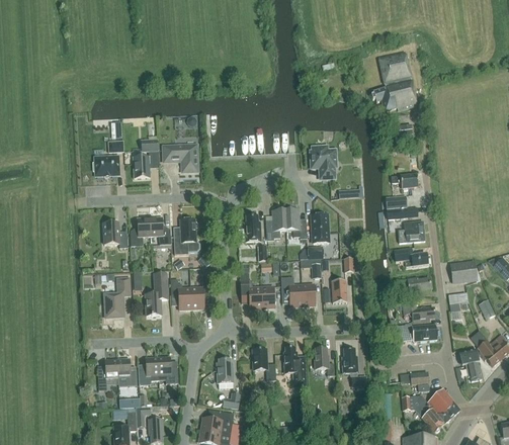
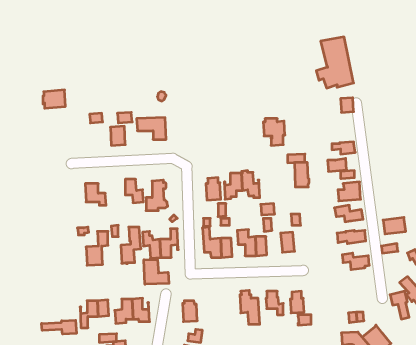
building: [93,155,119,176] -> [43,90,65,108]
building: [312,214,329,243] -> [294,163,309,187]
building: [130,217,150,246] -> none
building: none -> [144,260,169,284]
building: [398,324,437,341] -> none
building: [252,349,275,380] -> none
building: none -> [42,320,76,334]

